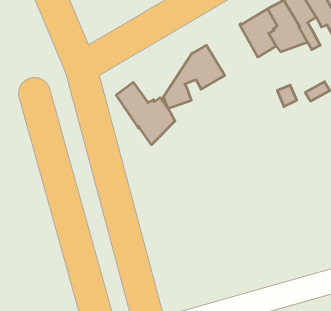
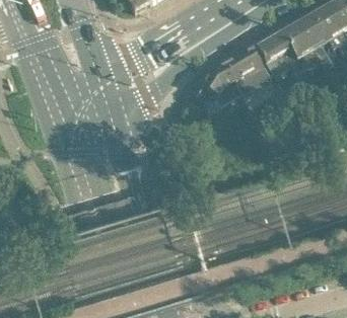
building: none -> [225,46,272,96]
building: [116,82,175,145] -> none

